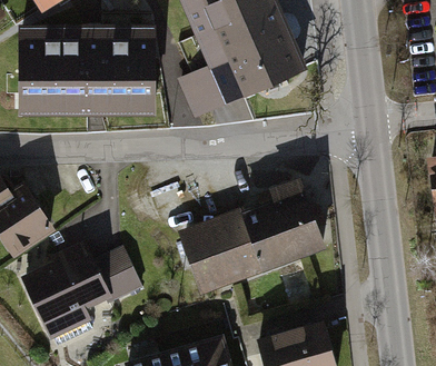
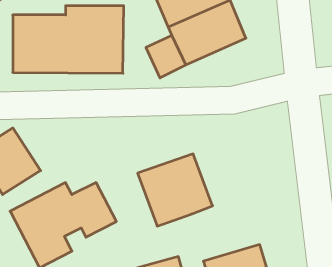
building: [239,174,326,269] -> none

